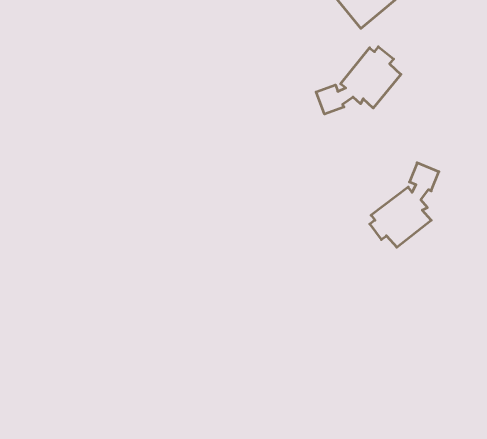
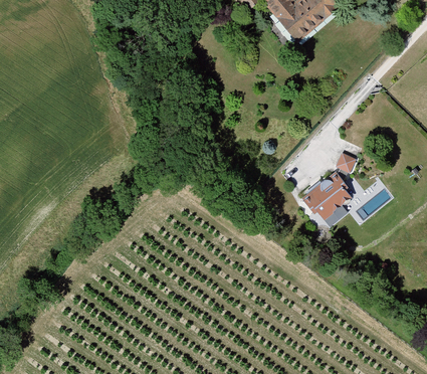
building: [316,47,401,114] -> none

